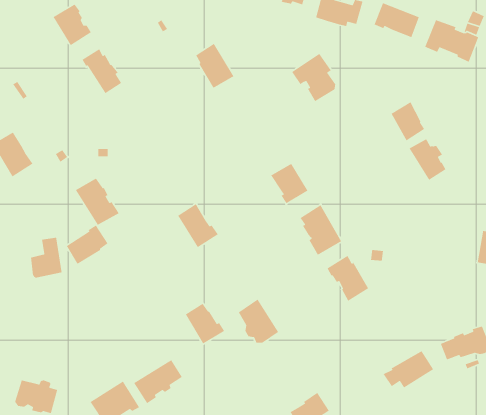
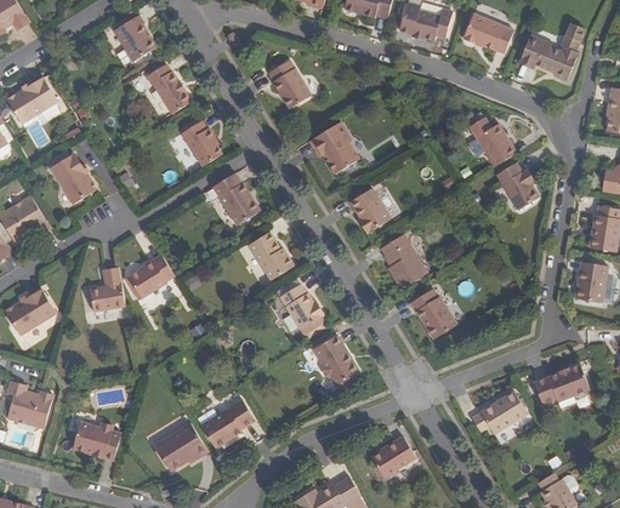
building: [291,53,336,102] -> [309,120,358,173]
building: none -> [181,121,220,166]
building: [75,177,120,226] -> [211,173,260,226]
building: [185,303,225,344] -> [280,285,324,330]

